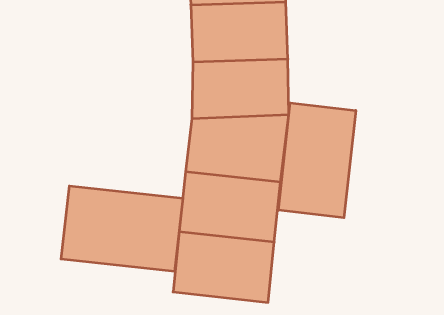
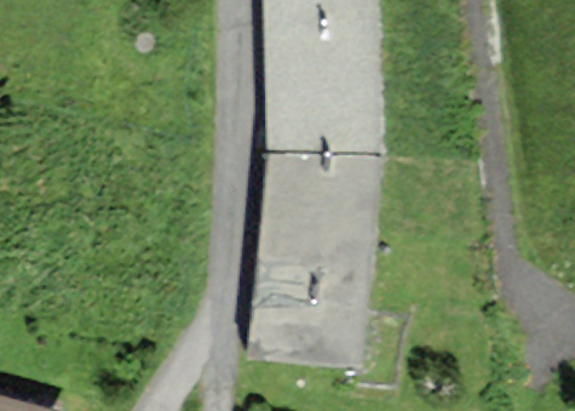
building: [278,103,356,218] -> none
building: [61,186,183,272] -> none

